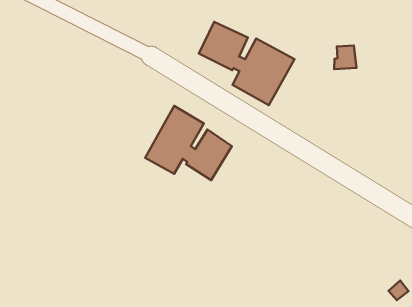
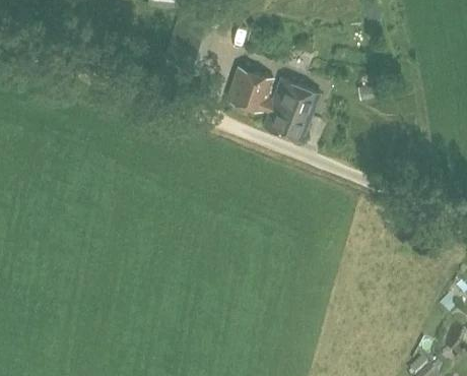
building: [145,106,232,180] -> none

